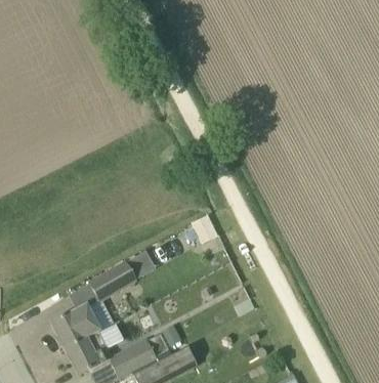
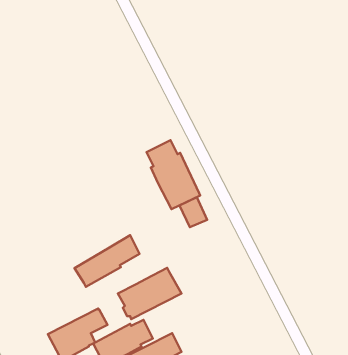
building: none -> [146,140,200,209]
building: [50,297,114,348] -> [118,268,182,319]

